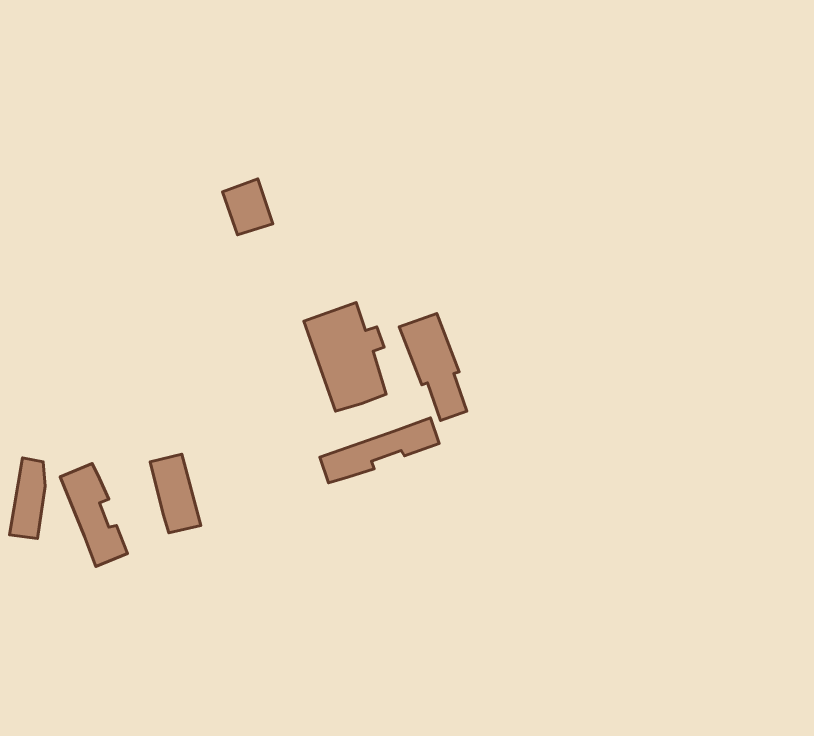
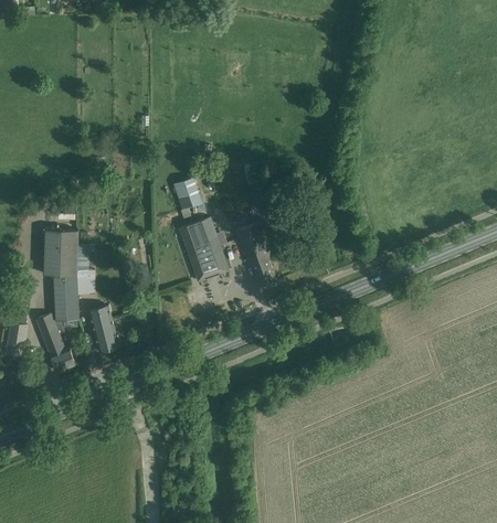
building: [222,179,273,235] -> [173,177,203,210]
building: none -> [44,228,80,320]
building: [320,418,439,483] -> none

